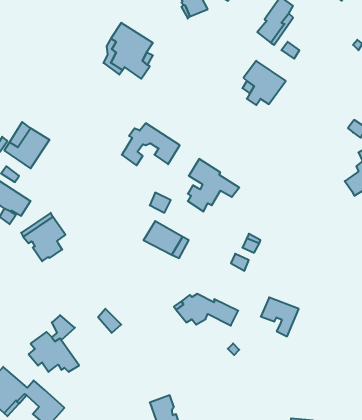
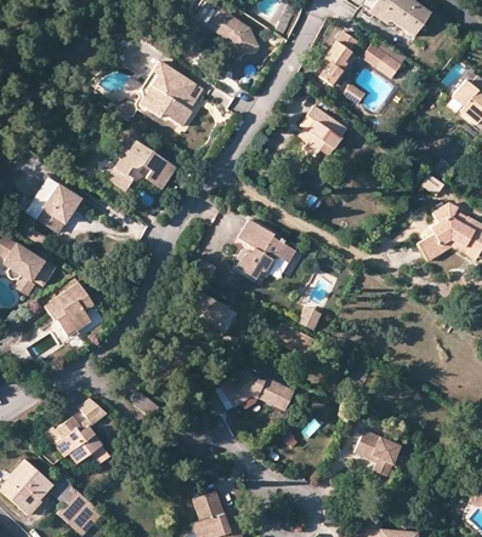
building: none -> [362,42,401,78]
building: [122,123,180,165] -> [107,141,174,189]
building: [261,297,299,336] -> [355,430,398,475]

